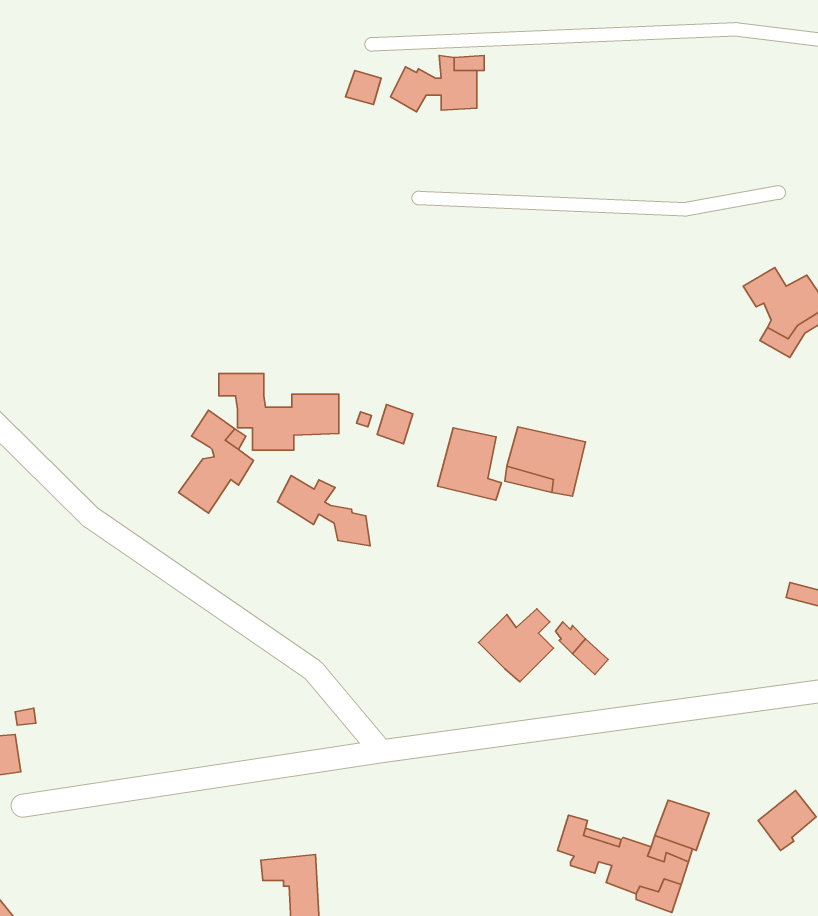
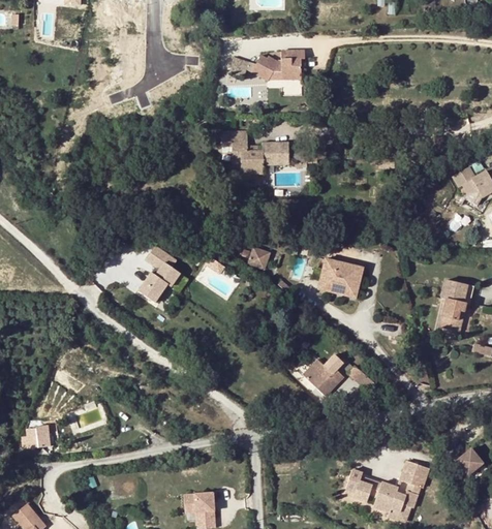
building: [219,373,339,450] -> [222,131,288,174]
building: [438,428,501,500] -> none
building: none -> [439,276,465,326]
building: [277,476,370,546] -> none

